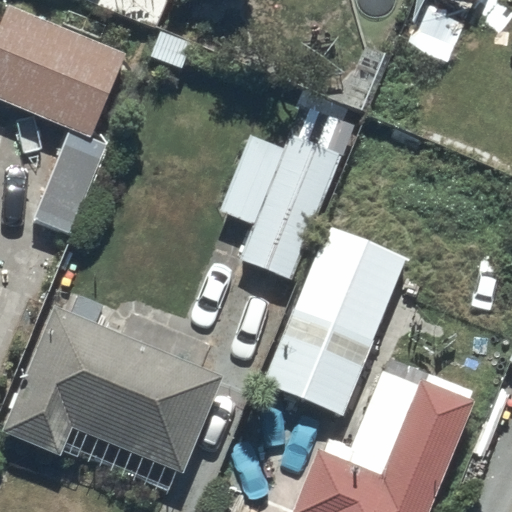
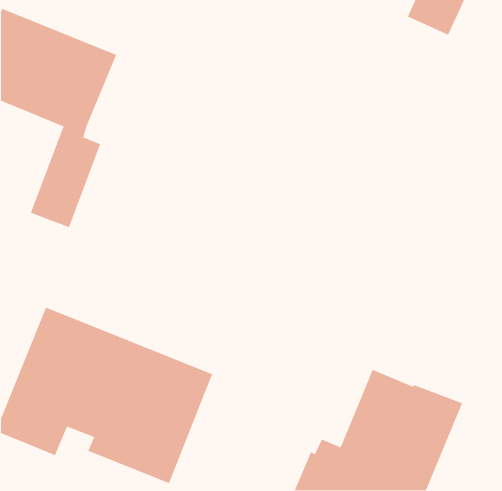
building: [220,131,341,276] -> none
building: [263,227,406,414] -> none

